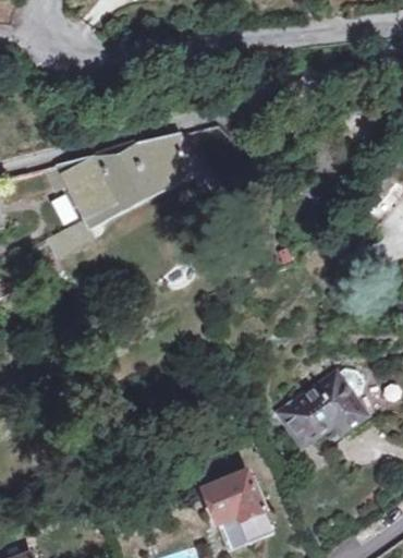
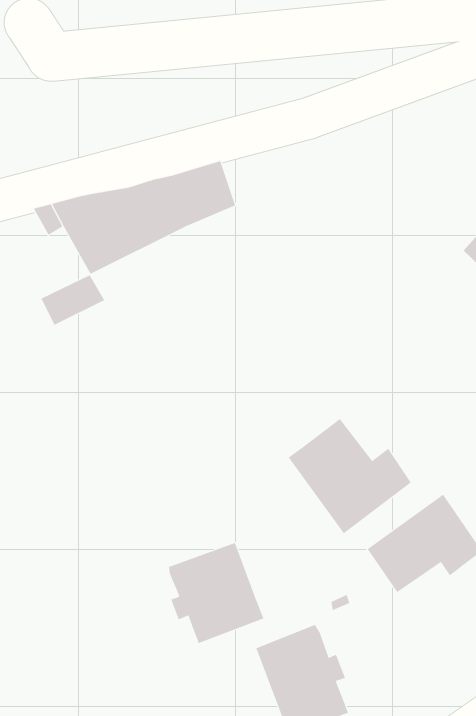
building: none -> [288,418,412,534]
building: none -> [169,542,264,644]

